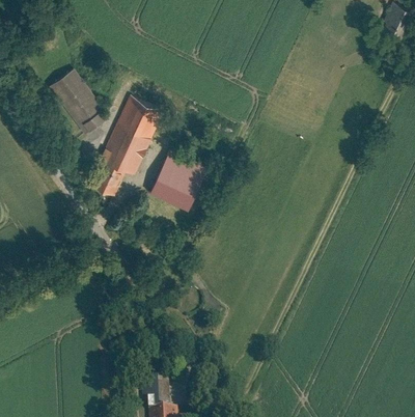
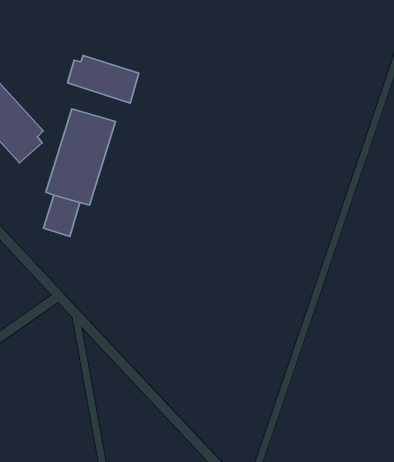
building: none -> [67,55,139,103]
building: [150,151,206,210] -> none

